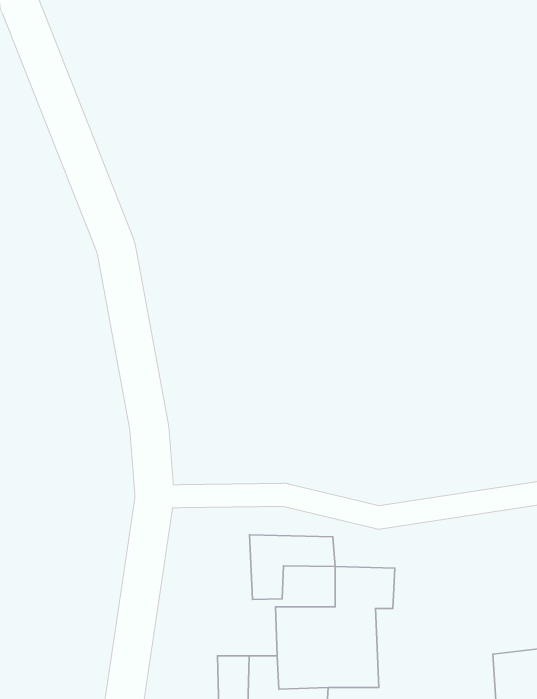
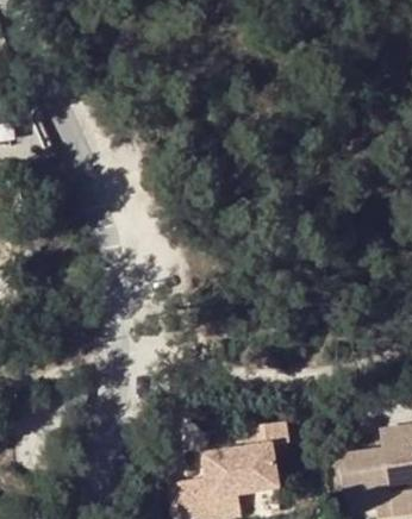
building: [250,535,335,599] -> none

